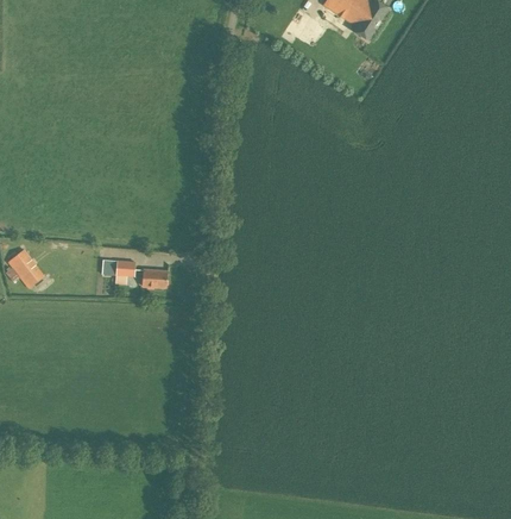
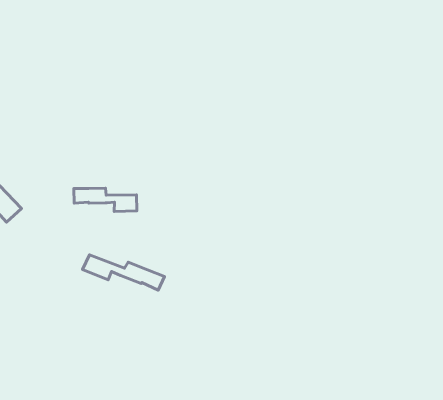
building: none -> [82,255,165,290]

